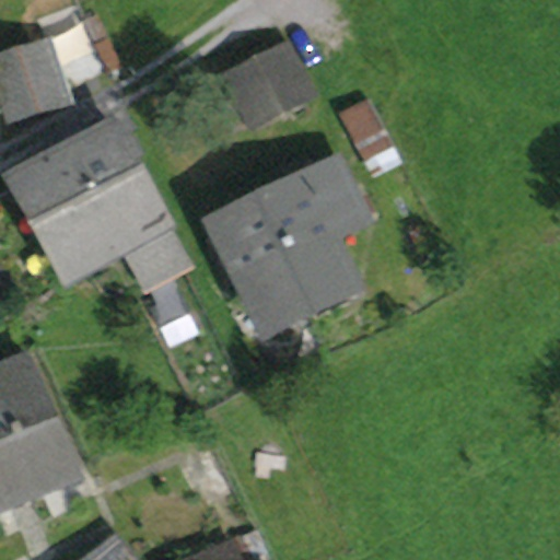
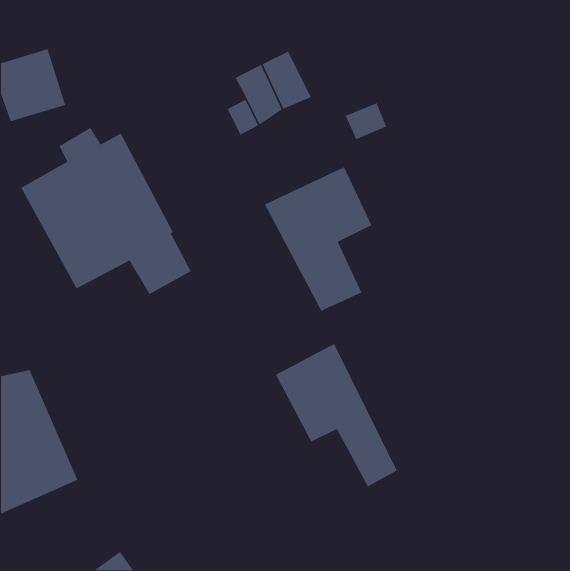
building: [213,199,316,326] -> none
building: none -> [275,343,398,488]

